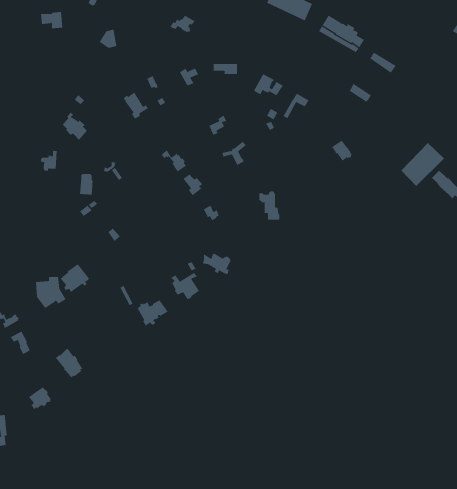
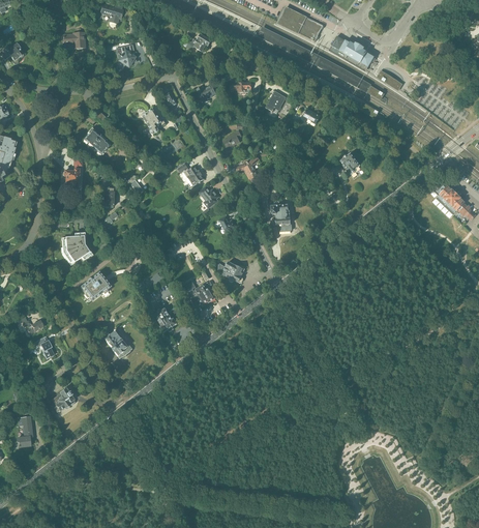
building: [401,142,445,187] -> none
building: [35,276,67,309] -> [62,232,92,263]
building: [55,348,83,378] -> [104,328,131,357]

